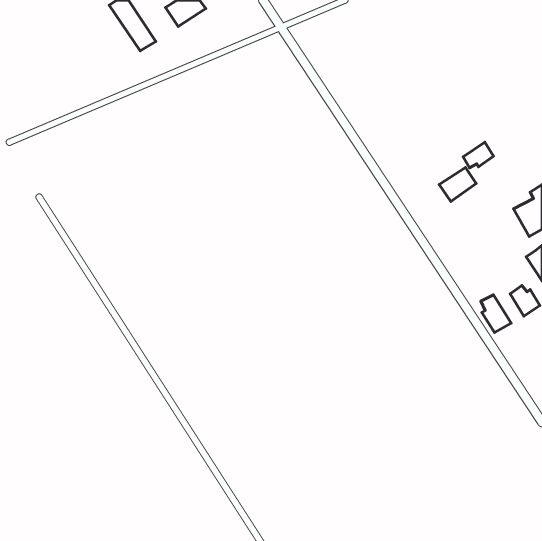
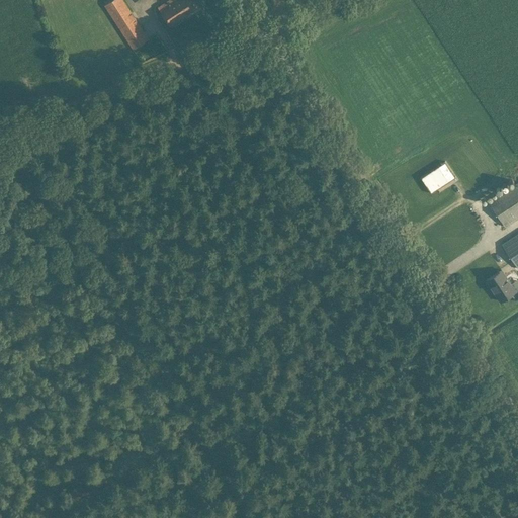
building: [463,142,494,168] -> none
building: [481,295,511,332] -> none

